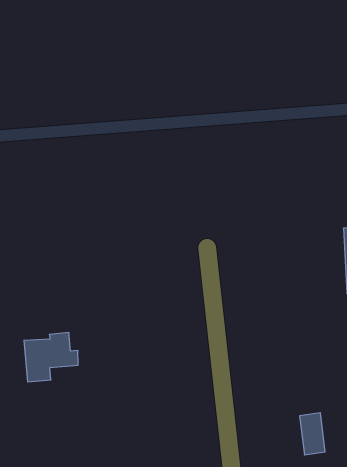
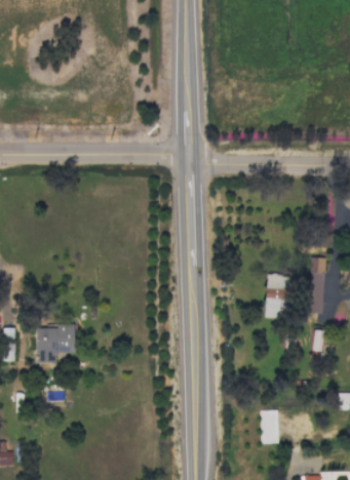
building: none -> [265,274,291,319]

